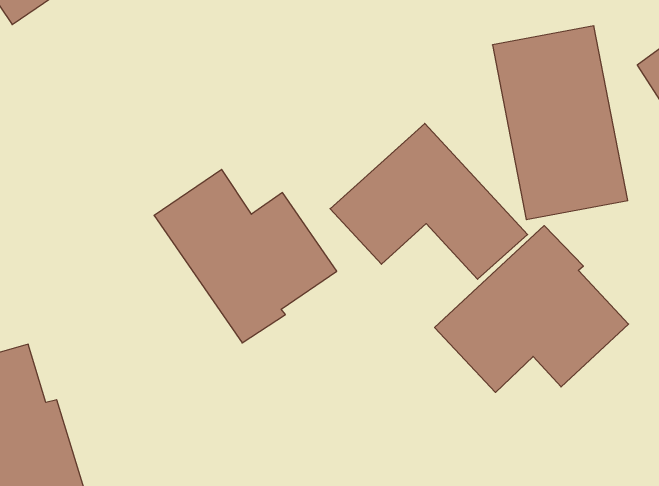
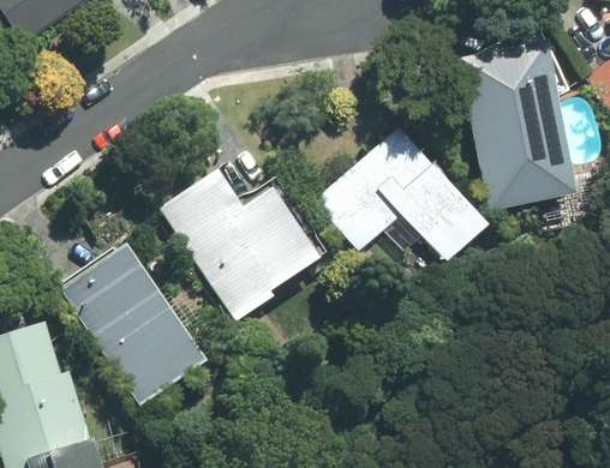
building: [435,226,629,392] -> none
building: none -> [59,242,208,404]

